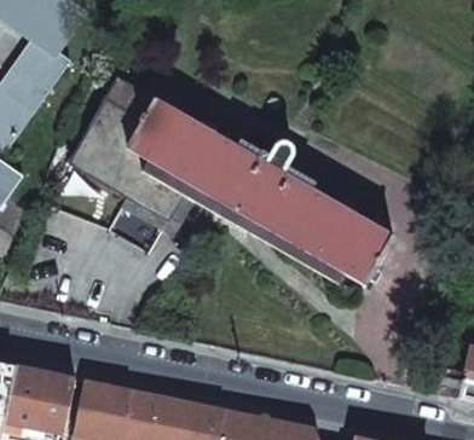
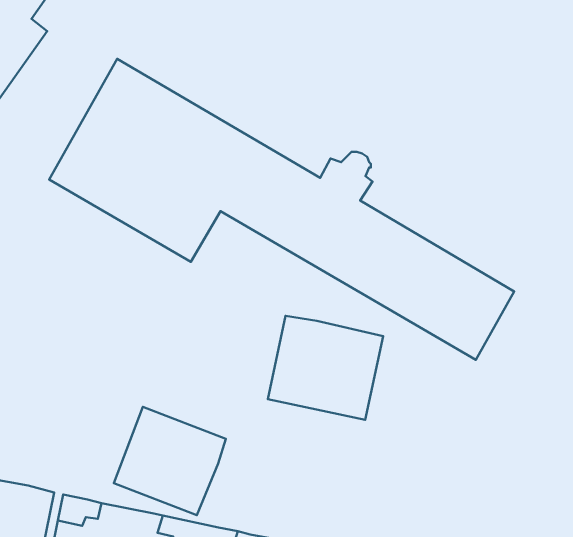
building: none -> [268,316,383,420]
building: none -> [114,407,226,515]

